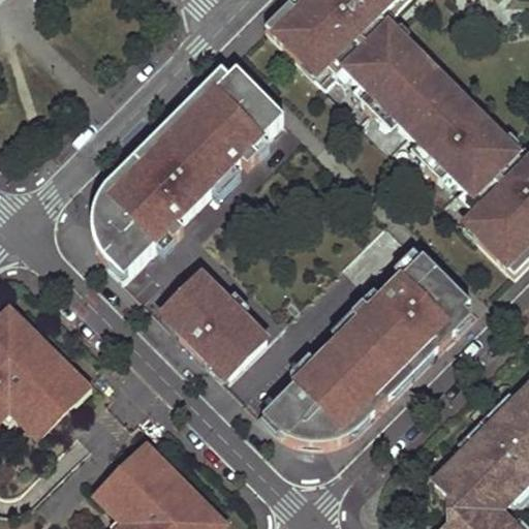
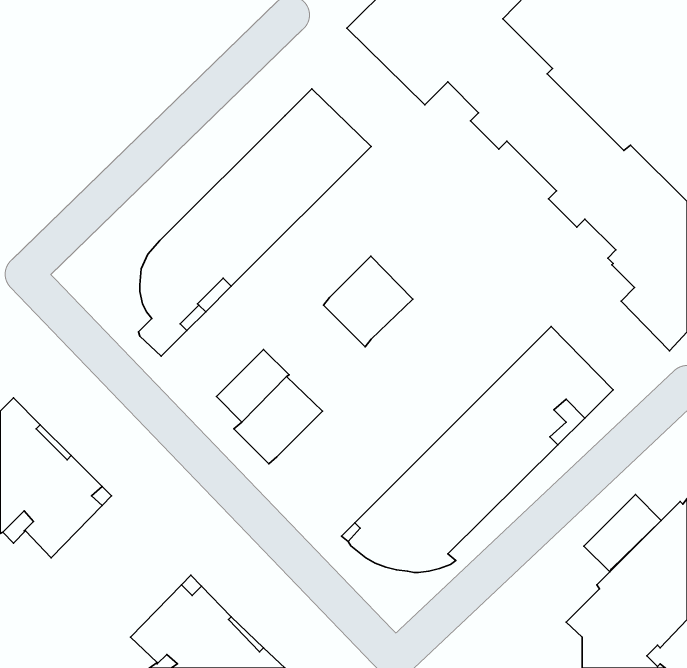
building: [93,79,219,255] -> none
building: none -> [324,256,413,347]
building: [213,315,269,371] -> none
building: none -> [584,495,661,572]

